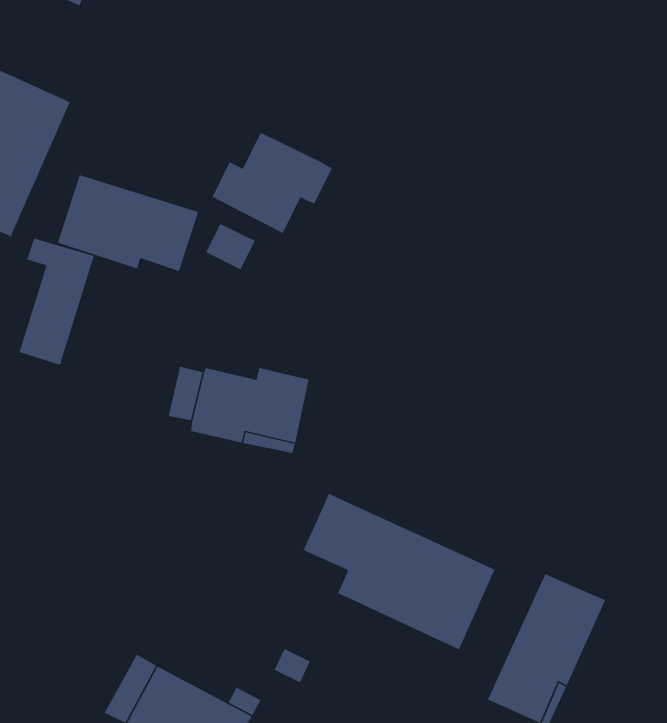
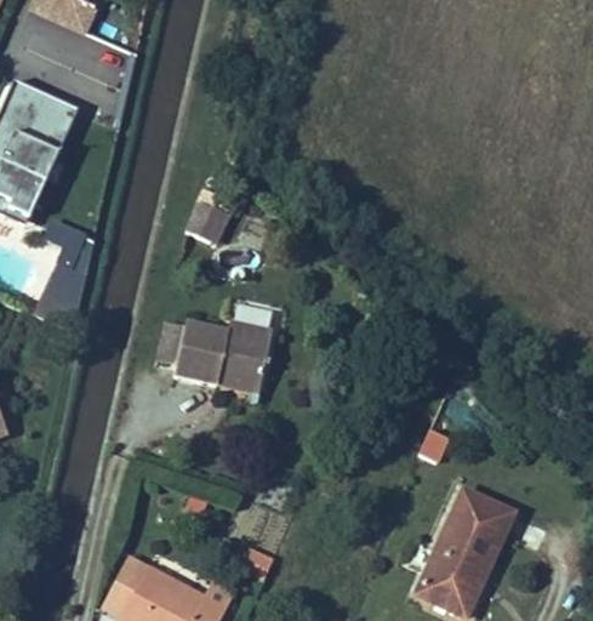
building: [212,132,333,234] -> none
building: [57,174,199,272] -> none
building: [303,493,496,651] -> none

